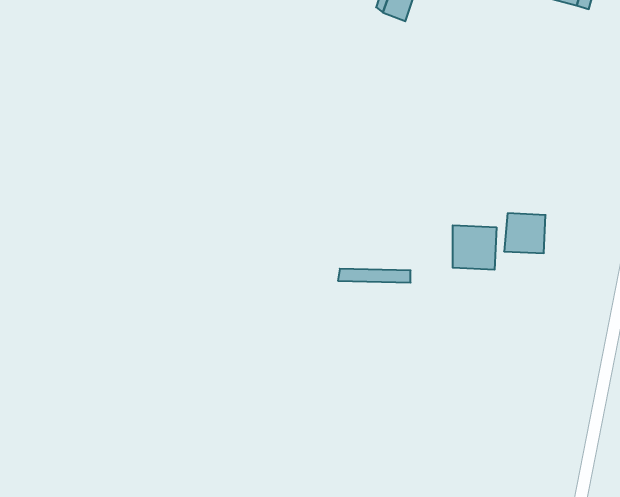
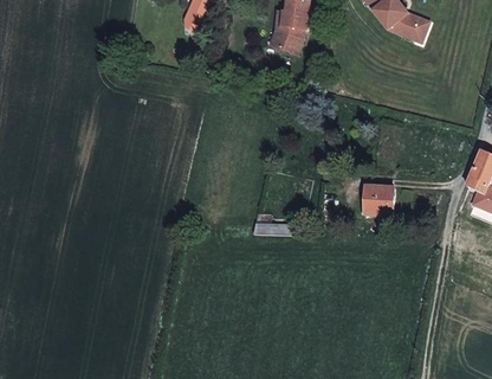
building: [453,225,496,270] -> none

